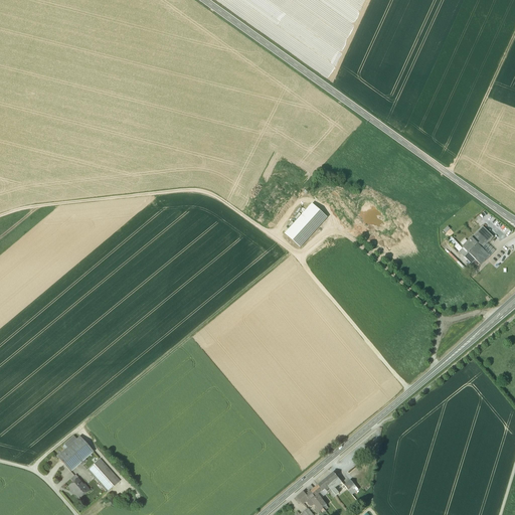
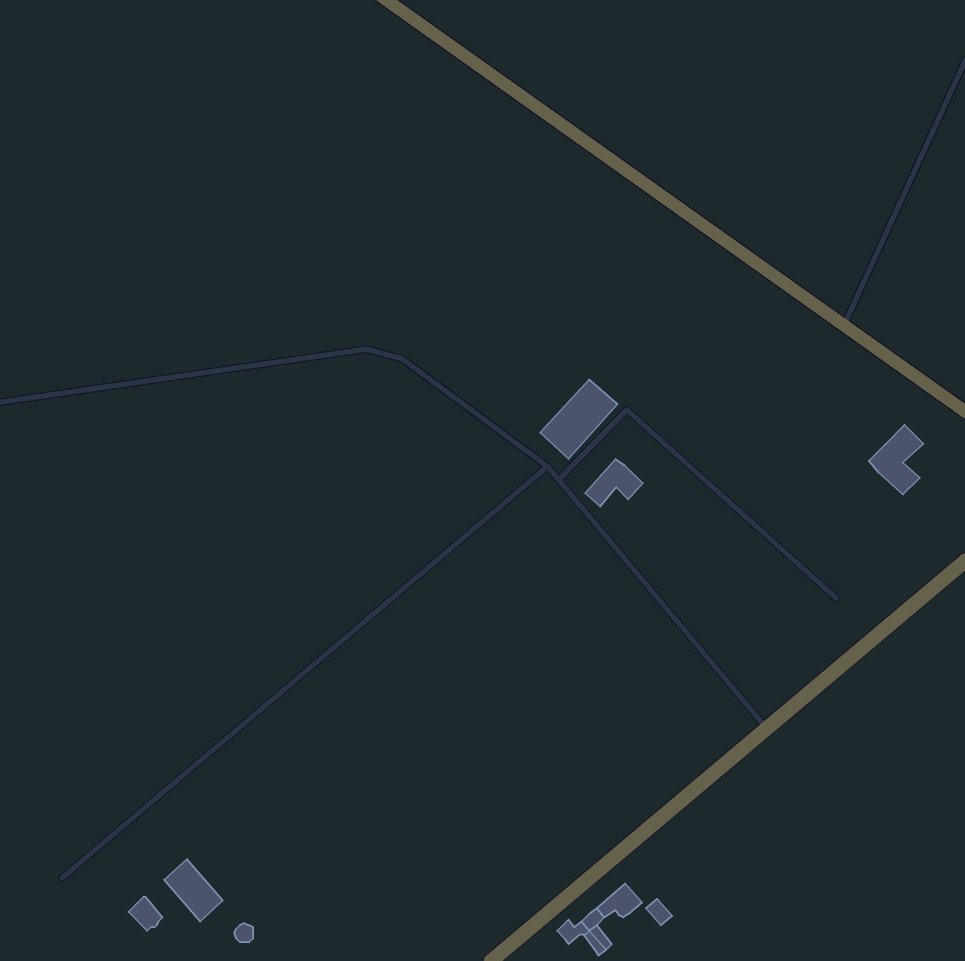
building: none -> [585,459,643,507]
building: [57,436,93,471] -> none

